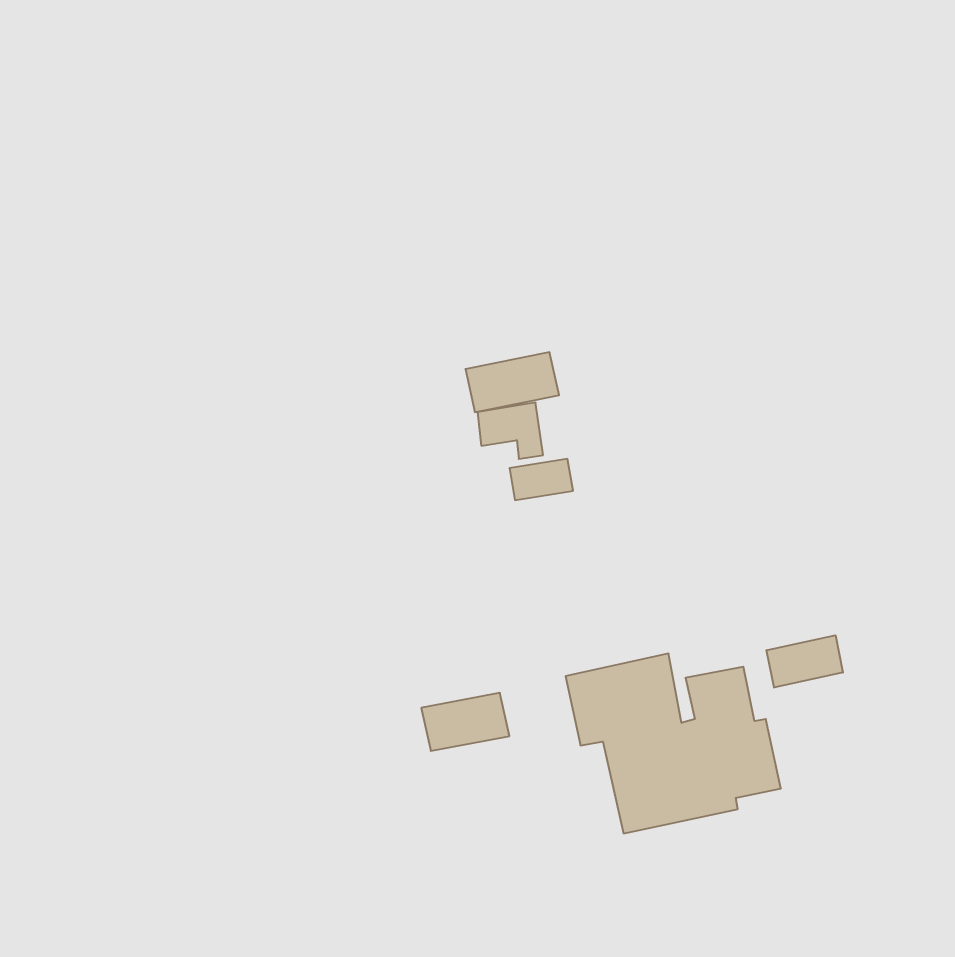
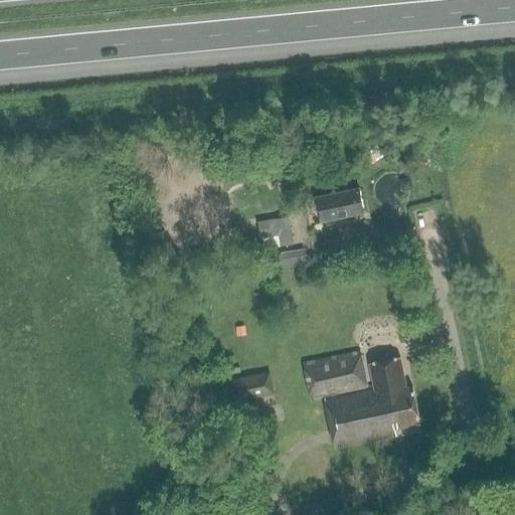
building: [465,352,559,412] -> [317,189,367,221]
building: [767,635,843,688] -> none

